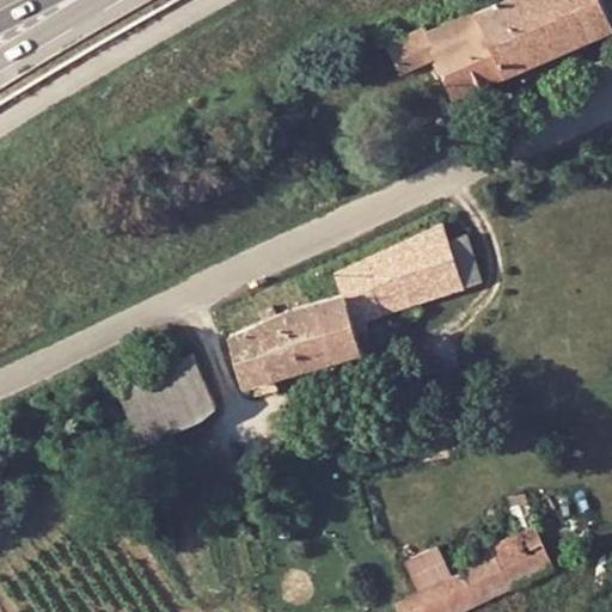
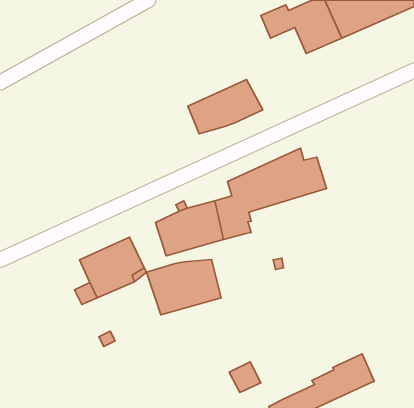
building: none -> [188,79,263,134]
building: none -> [147,260,221,315]
building: [405,551,452,596] -> [229,362,261,393]

